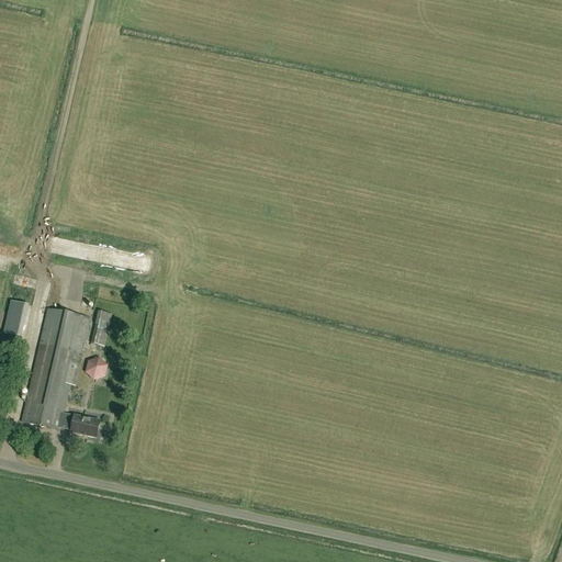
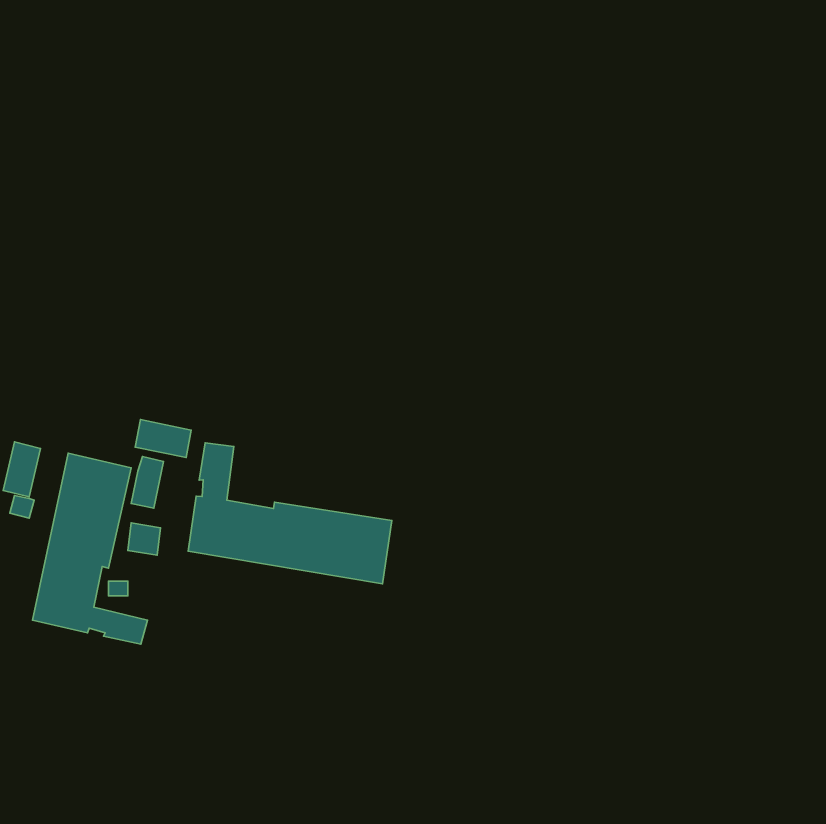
building: none -> [135,420,191,458]
building: none -> [188,443,392,584]

